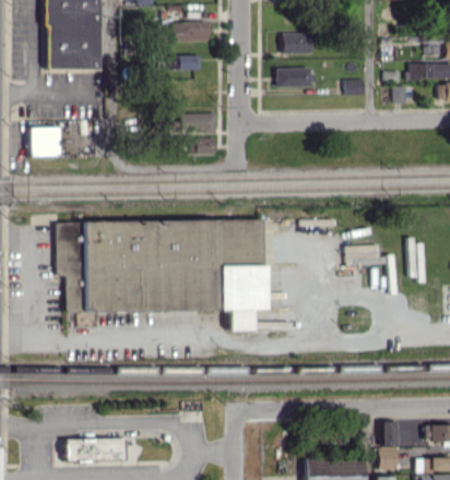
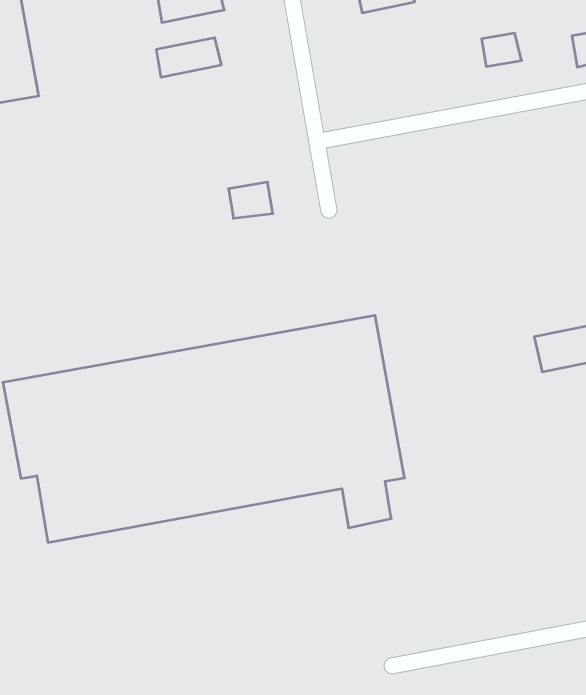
building: [277,68,313,87] -> none
building: [175,112,218,132] -> none

